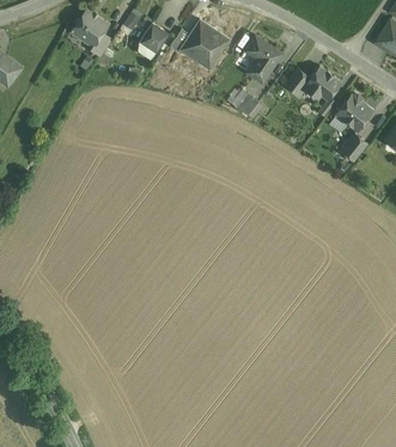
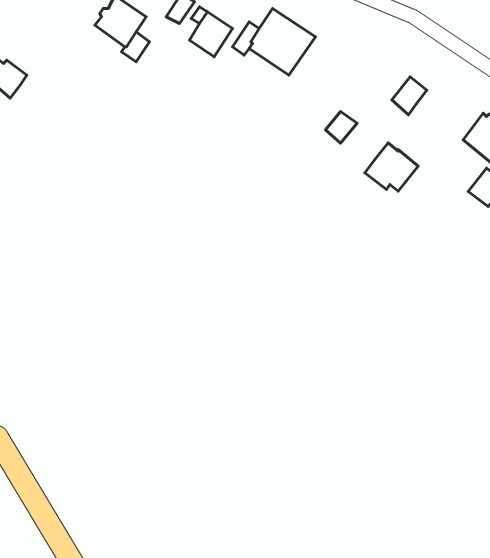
building: [245,36,281,82] -> none
building: [301,66,340,100] -> [365,143,418,191]

